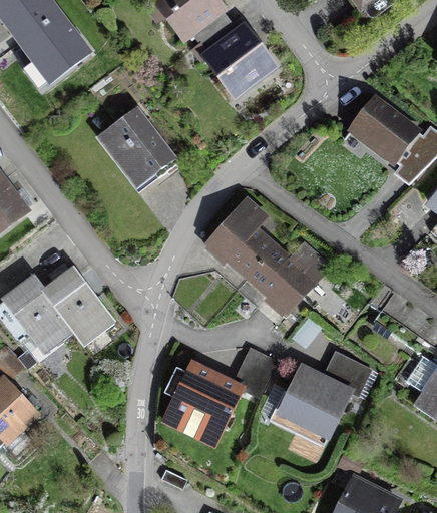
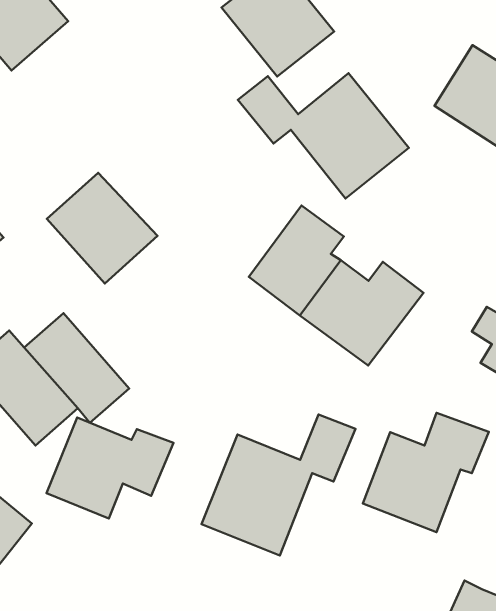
building: none -> [238,73,409,199]
building: [94,108,173,188] -> [47,173,158,283]
building: none -> [47,418,174,518]

